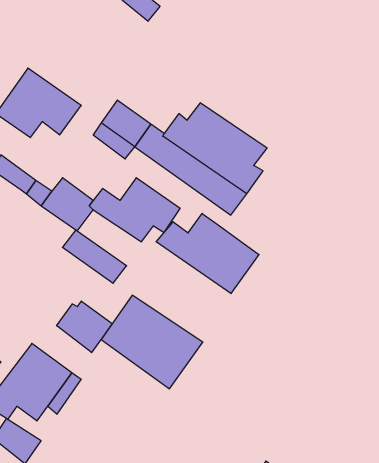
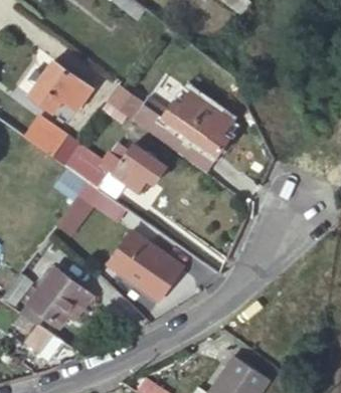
building: [156,213,259,294] -> none
building: [57,301,112,353] -> none

